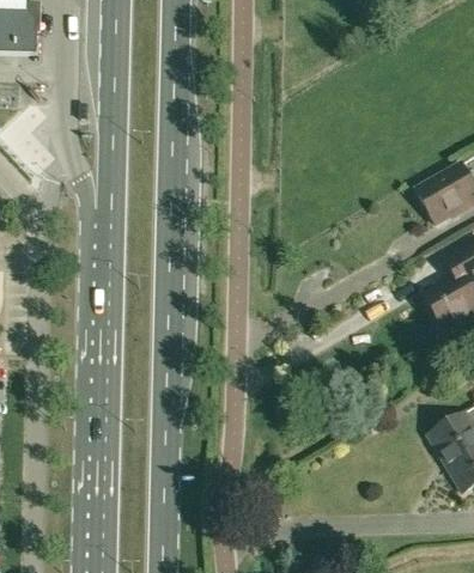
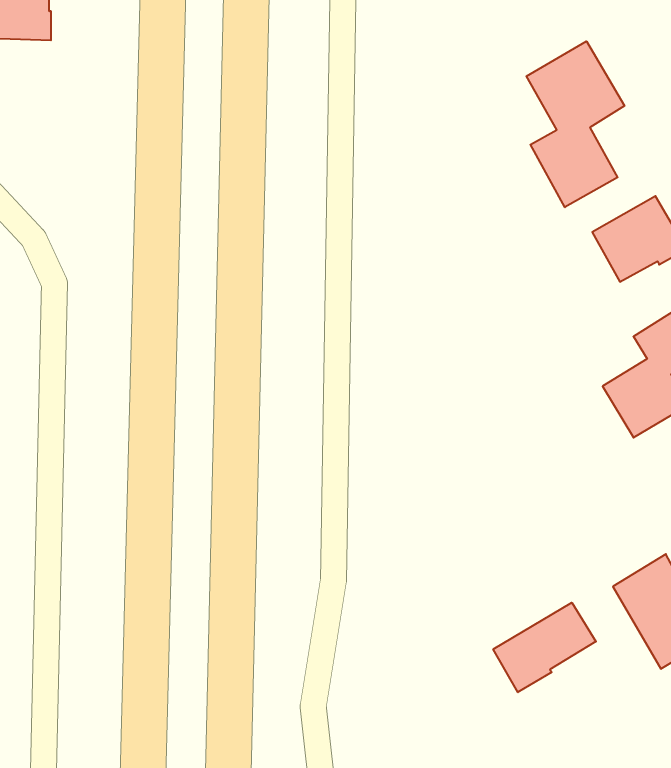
building: none -> [526,41,624,207]
building: none -> [493,603,596,692]

